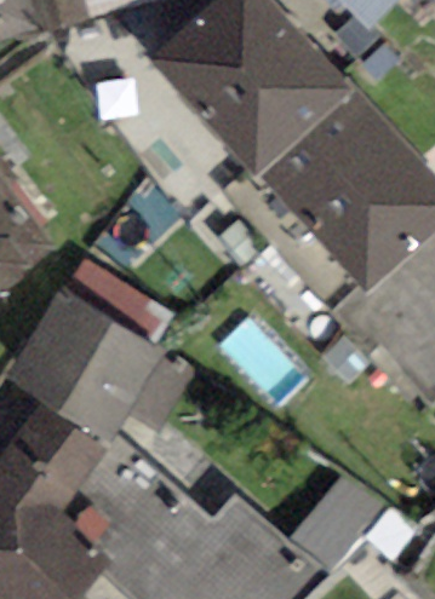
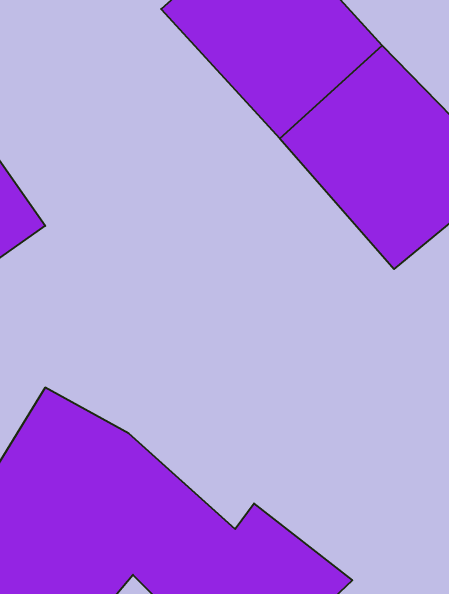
building: [17,276,204,433] -> none

